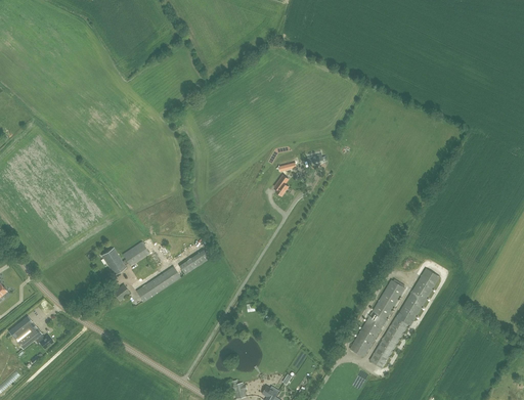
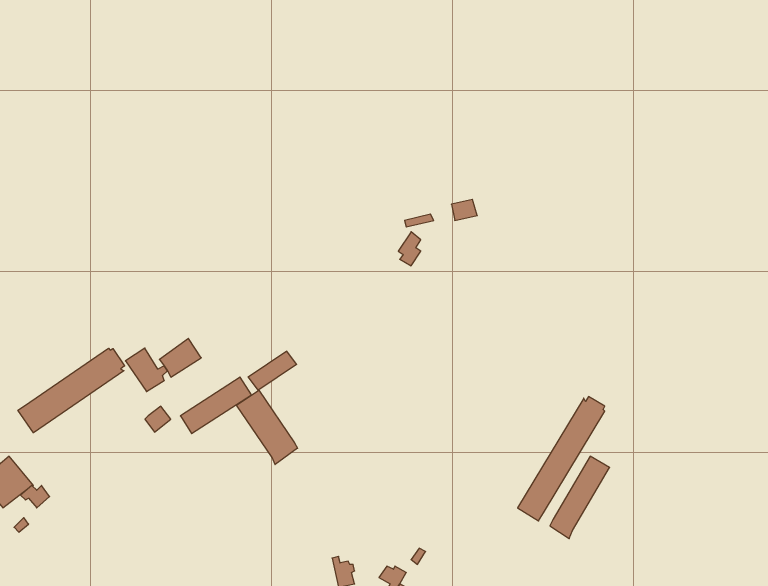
building: none -> [18,348,125,433]
building: [396,267,440,324] -> none
building: none -> [236,390,298,465]

